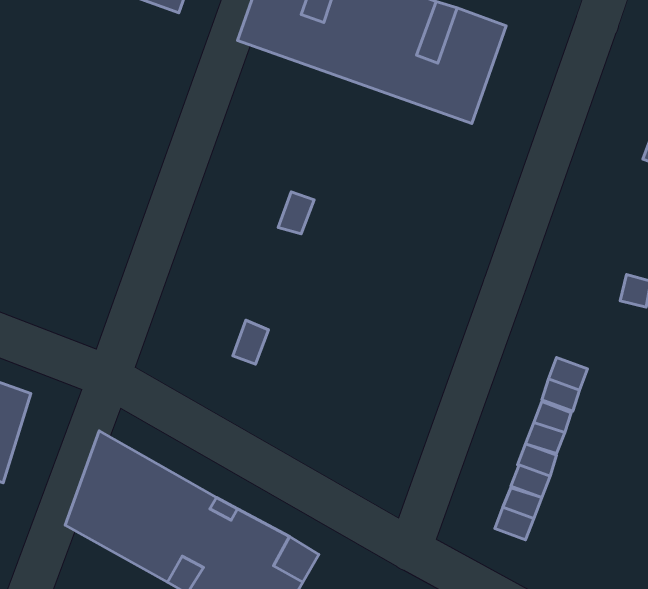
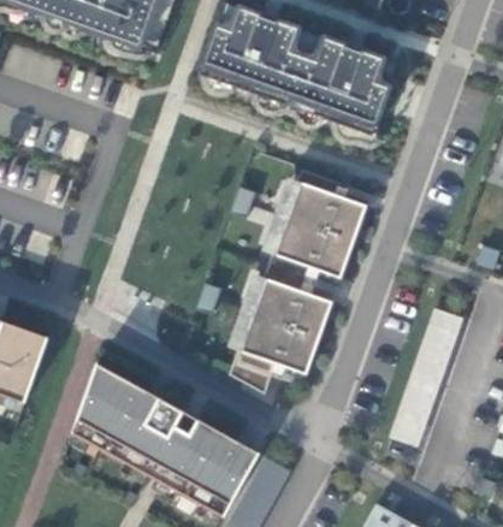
building: none -> [229,168,366,392]

